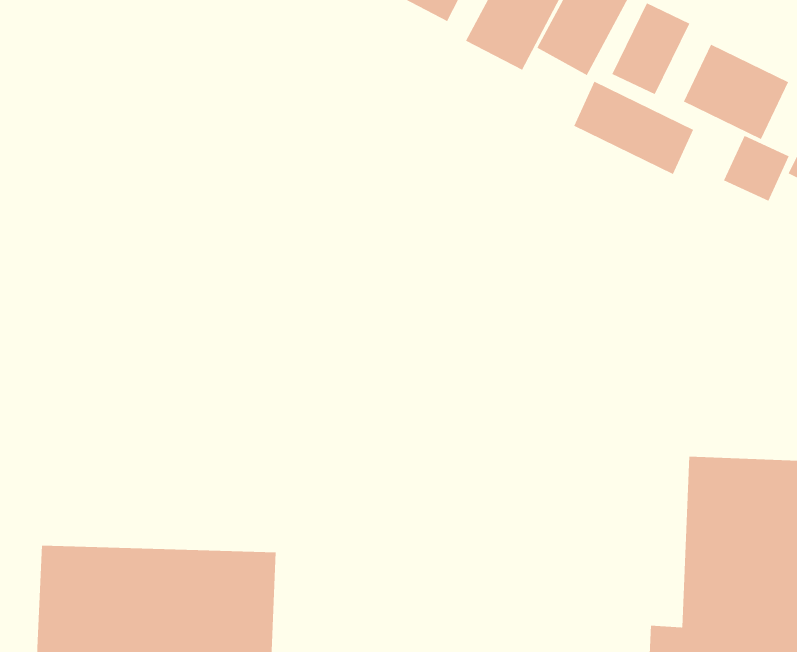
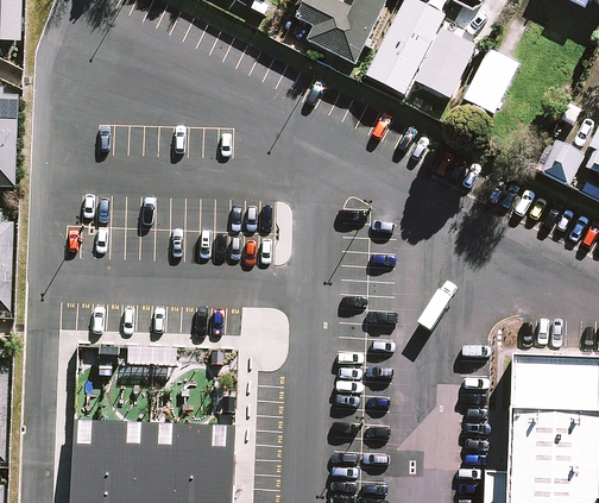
building: [683,44,789,140] -> none
building: [573,81,694,175] -> none

